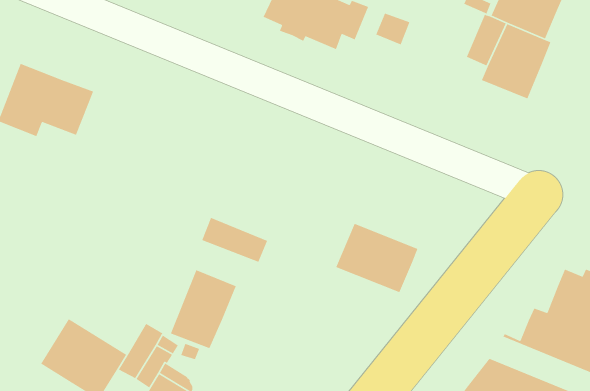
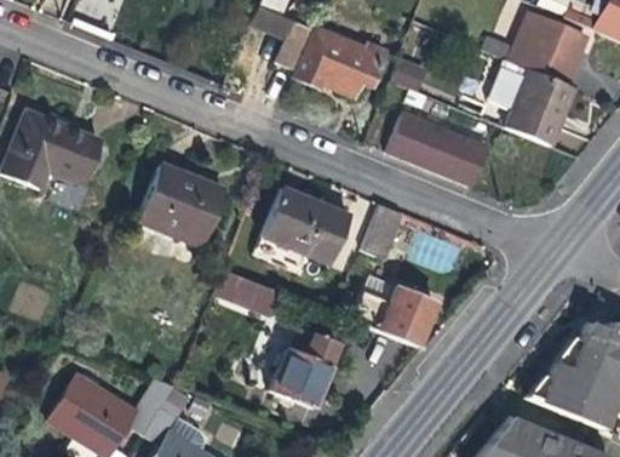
building: none -> [388,112,490,187]
building: none -> [138,161,224,245]
building: none -> [254,185,350,265]
building: none -> [362,201,403,257]
building: [170,269,237,349] -> [271,325,340,407]

